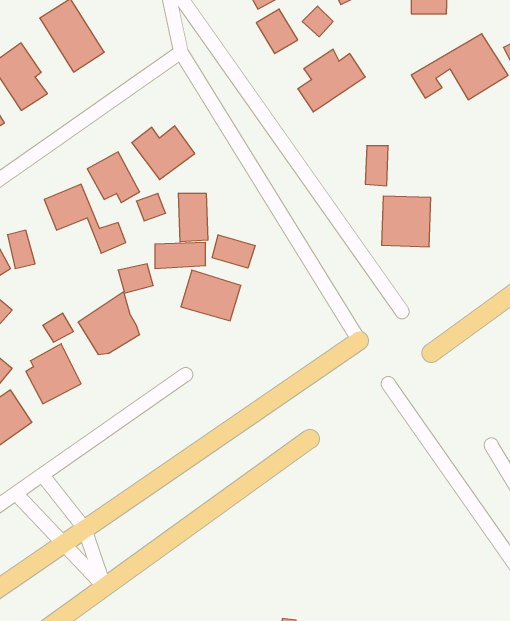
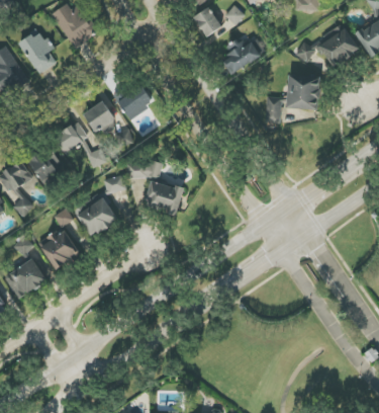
building: [179,193,208,242] -> none
building: [382,196,431,247] -> [287,76,319,109]
building: [212,235,255,268] -> none

